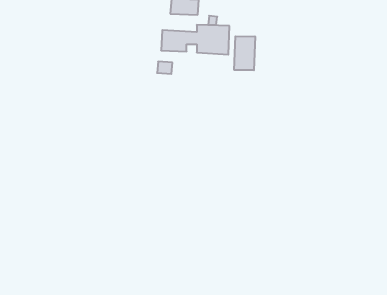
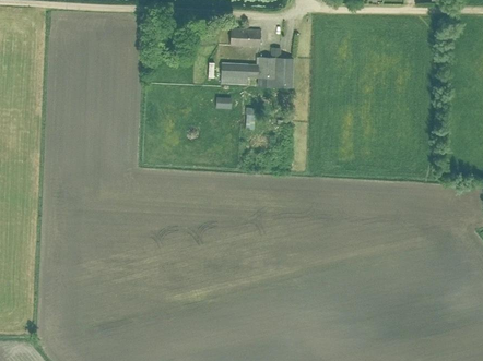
building: [234,36,255,70] -> none

